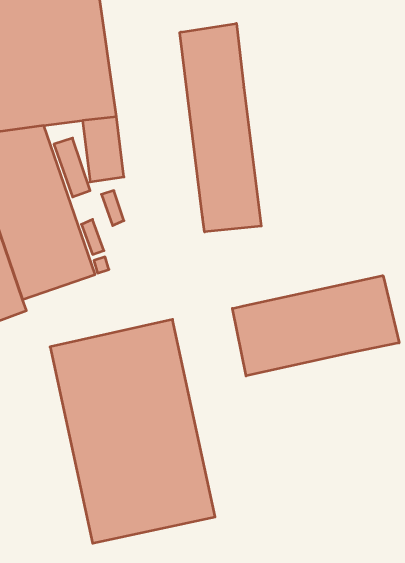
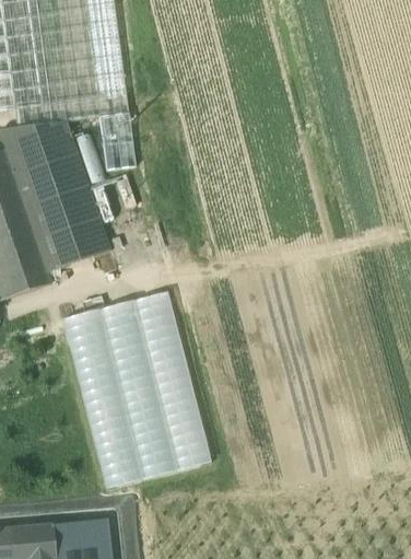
building: [180,23,261,232] -> none
building: [232,276,399,376] -> none

